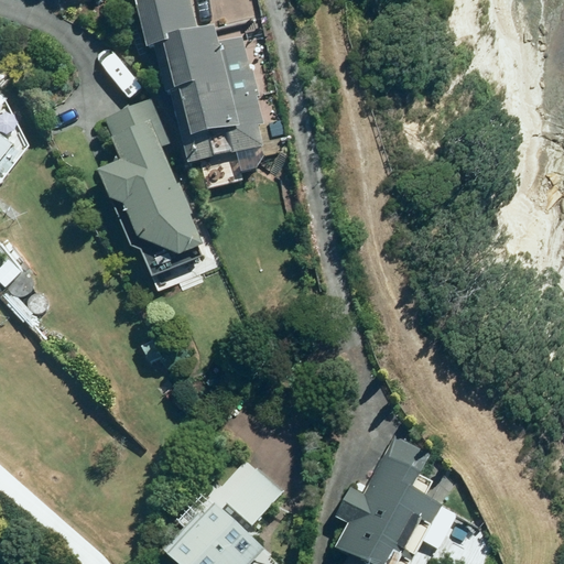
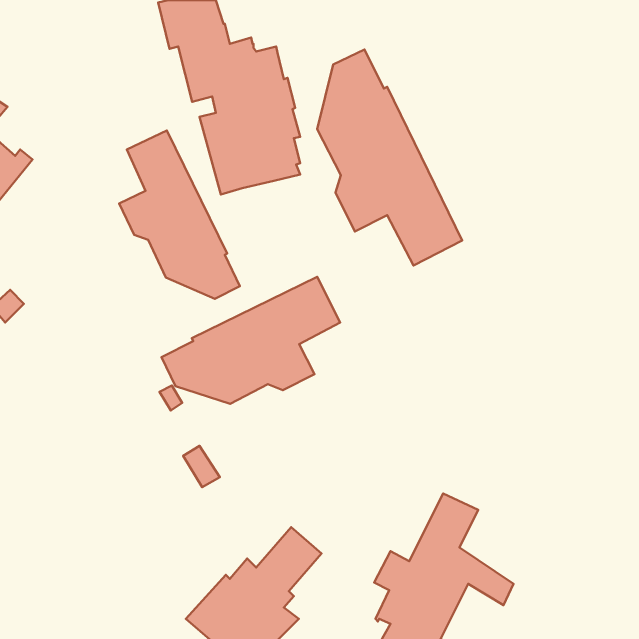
building: none -> [317,50,462,266]
building: none -> [161,277,340,404]

